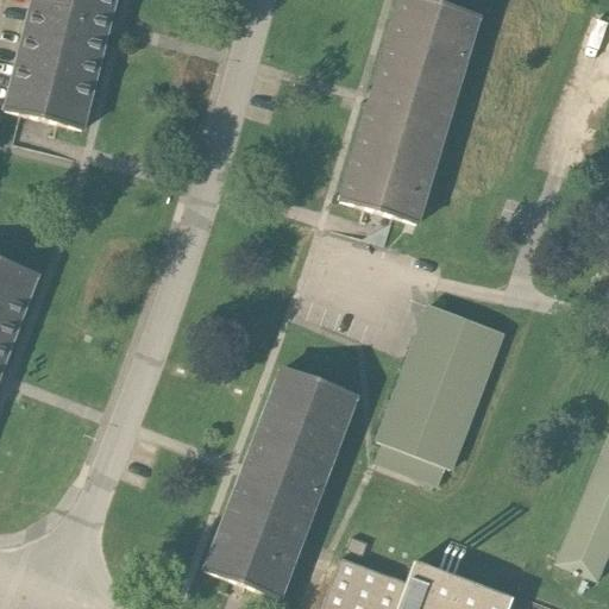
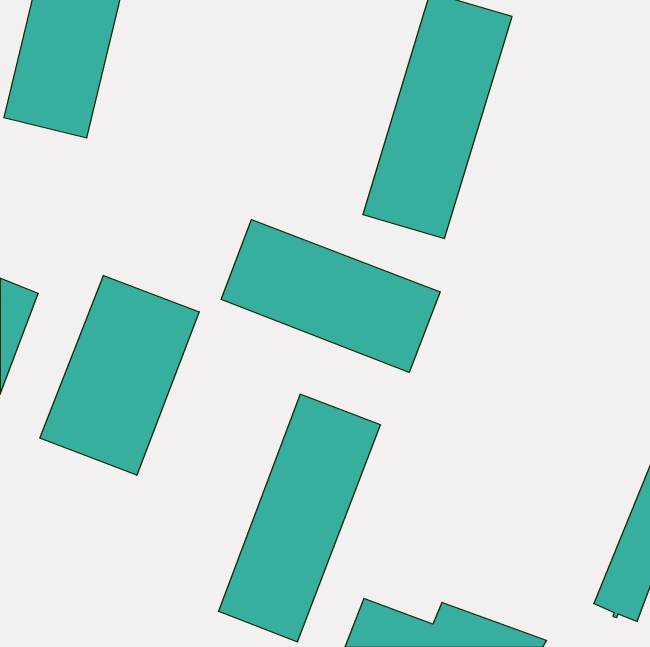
building: none -> [221,220,440,372]
building: none -> [40,275,199,475]
building: [376,303,503,484] -> none

